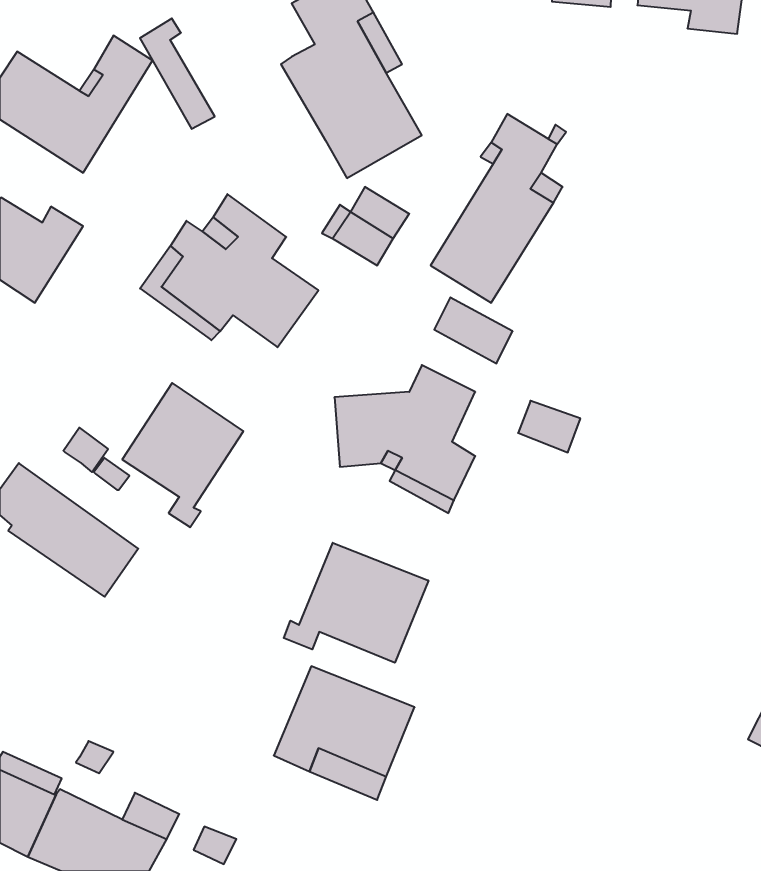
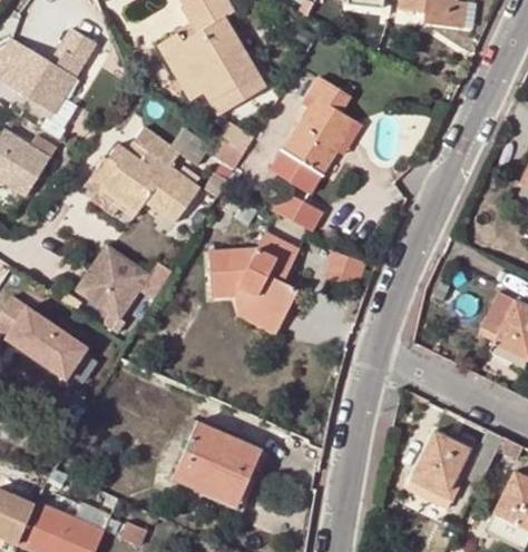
building: [140,18,215,129] -> [157,33,204,102]
building: [284,543,428,663] -> none
building: none -> [411,427,469,489]

